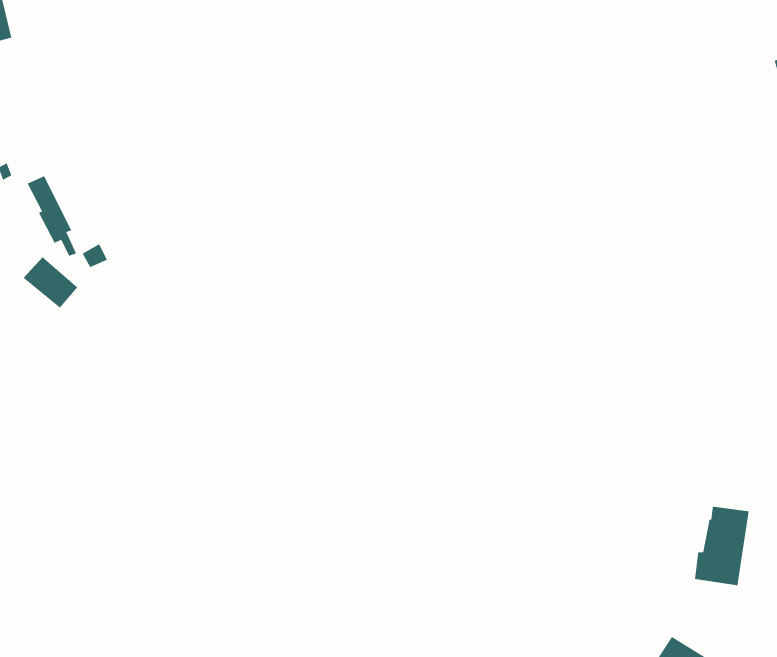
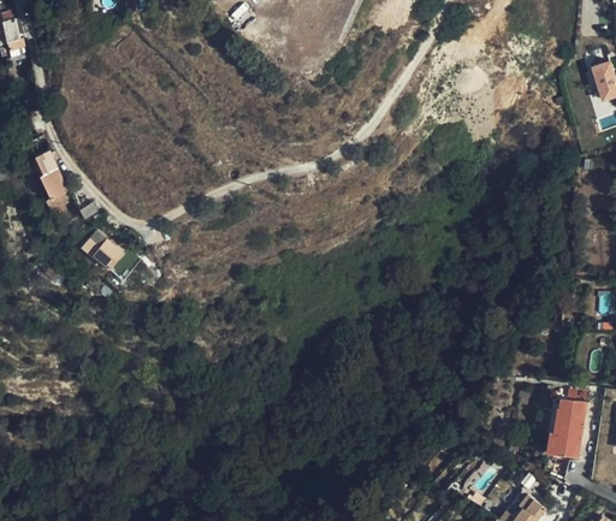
building: [23,257,78,309] -> [82,231,123,270]

